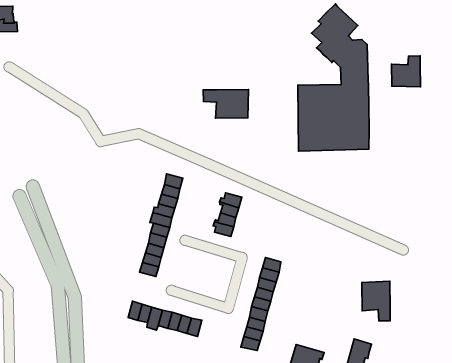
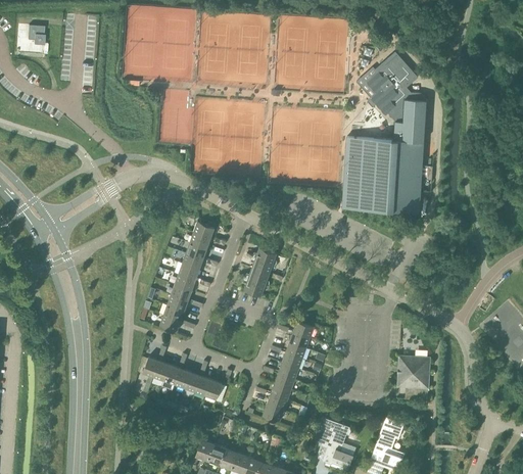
building: [392,56,421,87] -> none
building: [203,89,249,118] -> none

